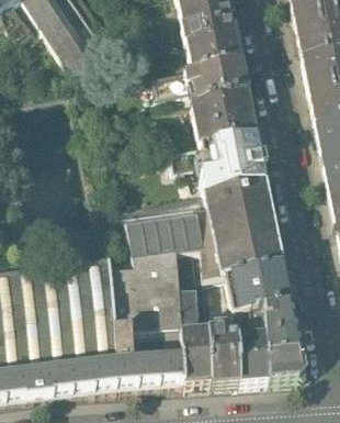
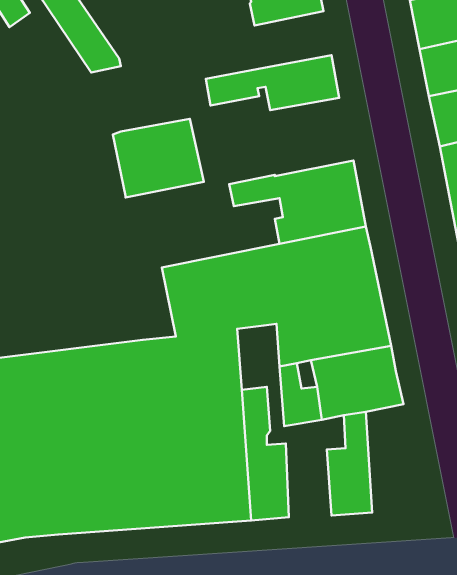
building: [186,24,240,64] -> none
building: [192,85,256,140] -> [113,119,204,197]
building: [174,244,195,289] -> none
building: [264,299,304,375] -> none
building: [208,325,240,378] -> none

